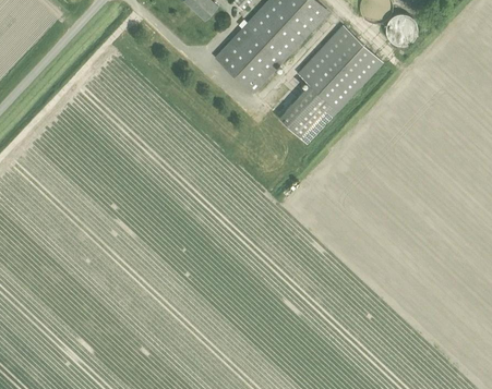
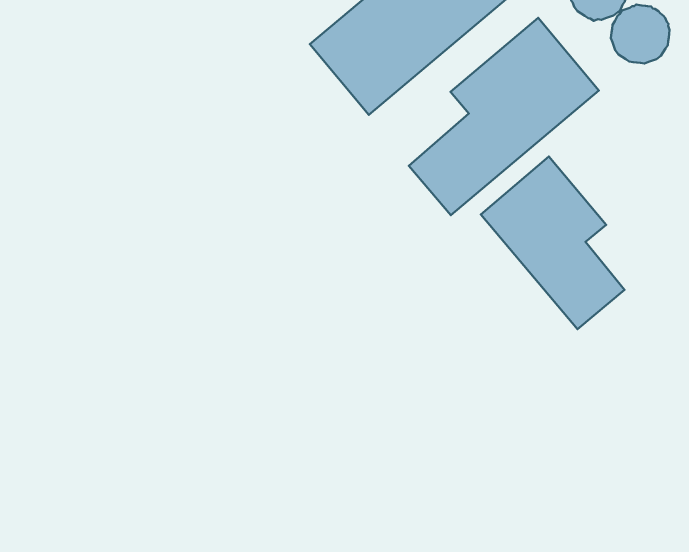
building: none -> [481,156,625,329]

